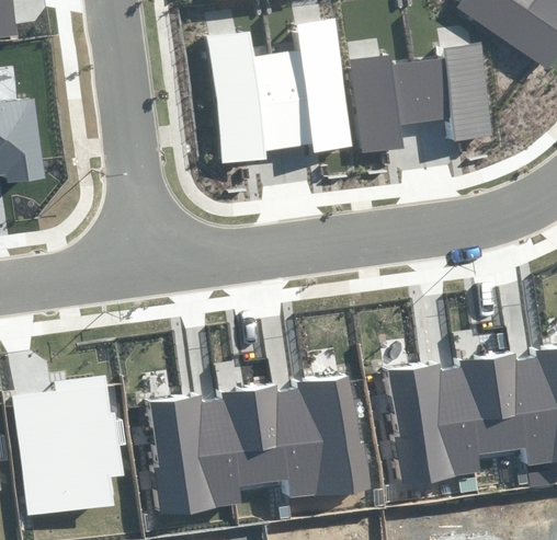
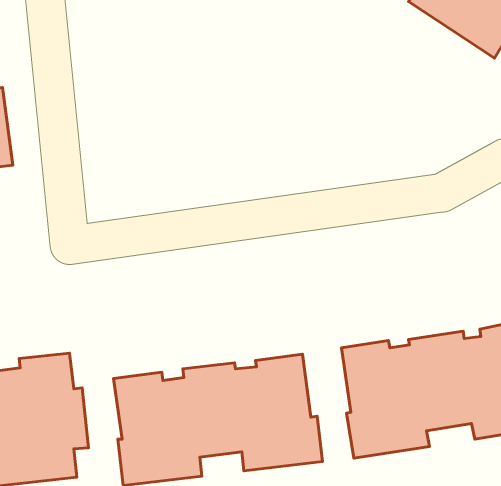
building: [203,21,352,165] -> none
building: [350,44,492,153] -> none

